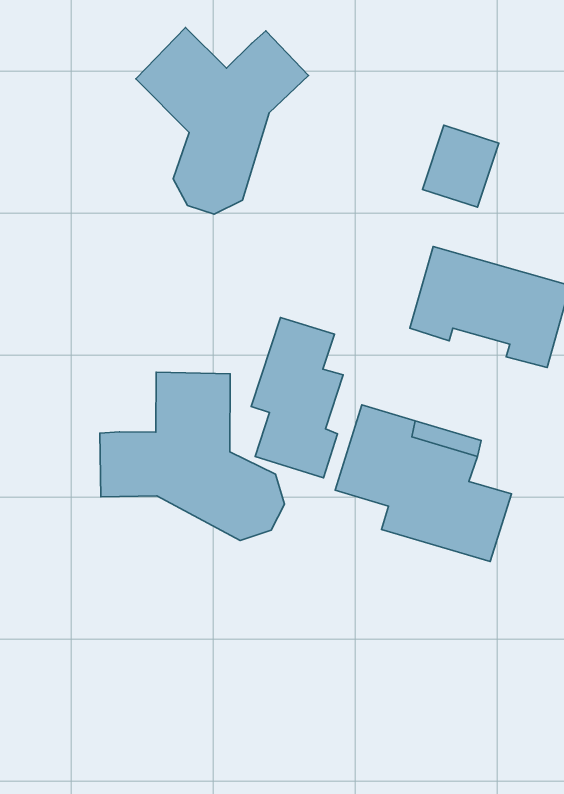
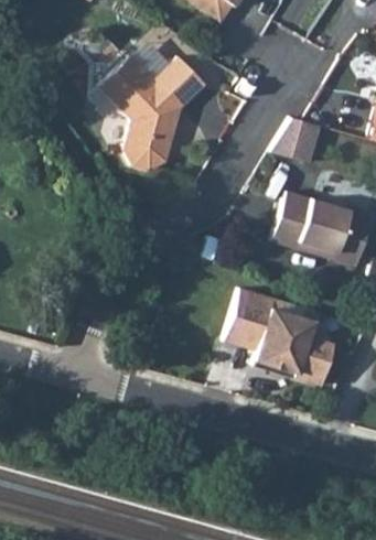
building: [251,318,343,478] -> none
building: [100,372,284,540] -> none

